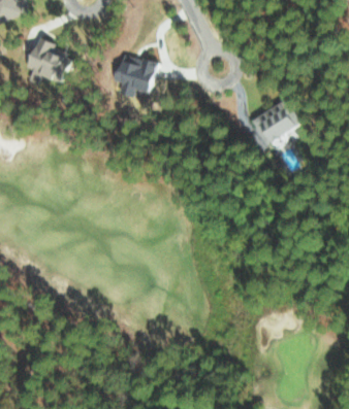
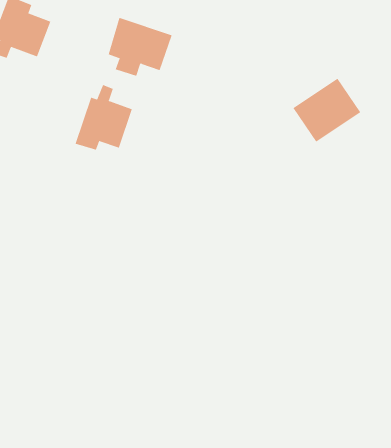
building: none -> [75,84,133,151]

